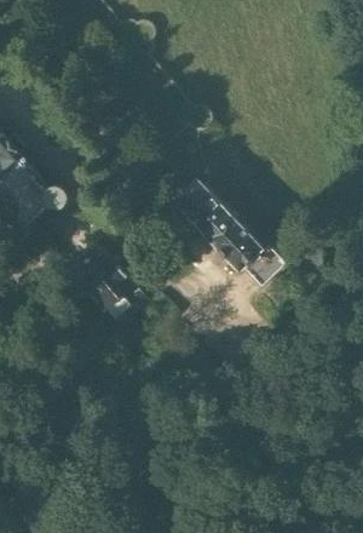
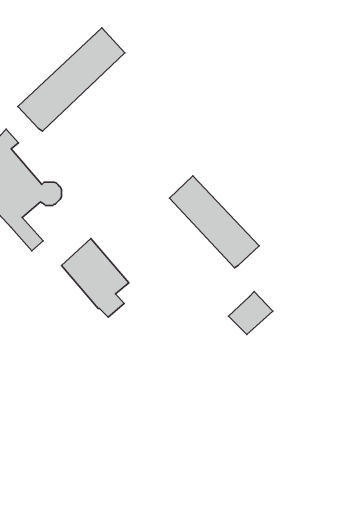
building: none -> [18,28,125,131]
building: [242,245,286,287] -> [228,292,273,335]

